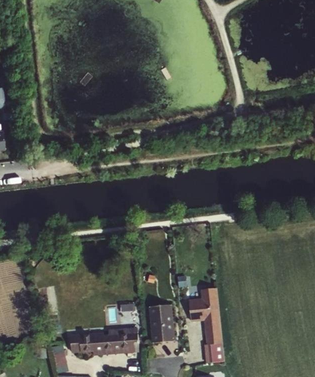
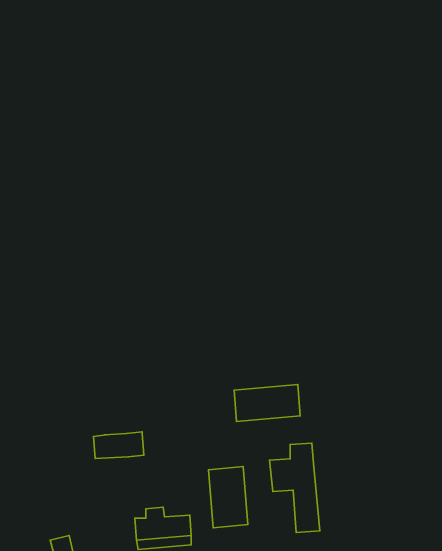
building: none -> [234,385,300,421]
building: [72,335,104,352] -> [94,432,144,458]

